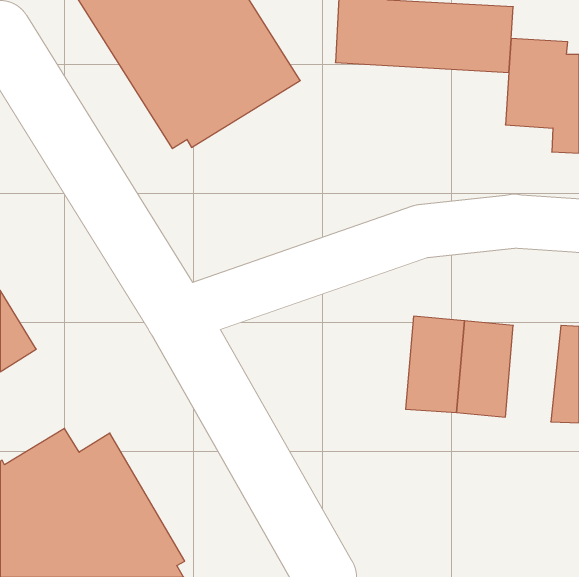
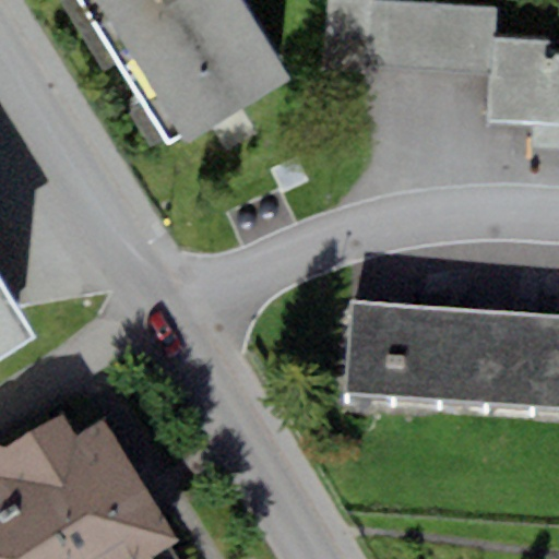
building: none -> [346,301,399,394]
building: none -> [487,313,540,406]

